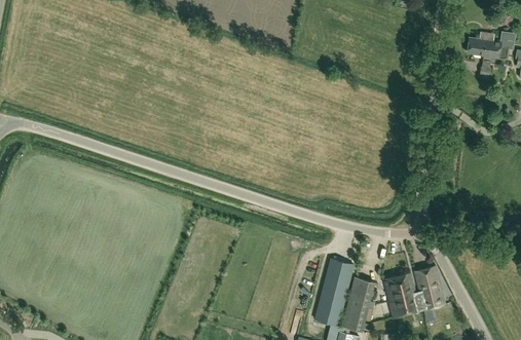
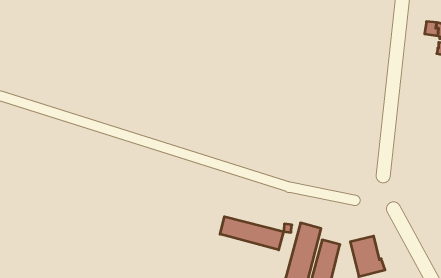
building: none -> [220,217,283,250]
building: [414,265,445,309] -> none

